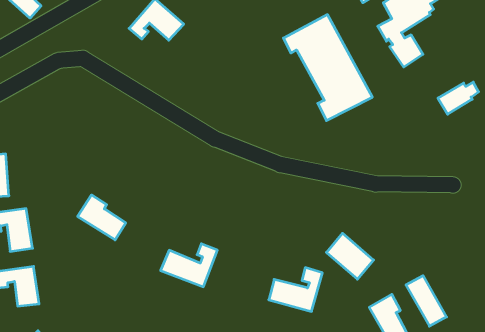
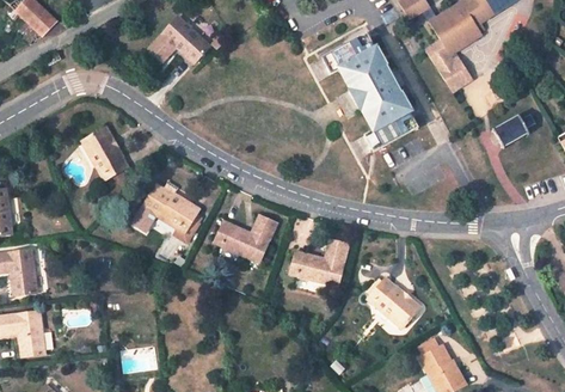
building: none -> [81,129,129,182]
building: [78,195,126,240] -> [141,184,195,234]
building: [161,244,217,287] -> [214,214,277,262]
building: [269,268,322,311] -> [288,240,348,289]
building: [406,276,447,326] -> none

